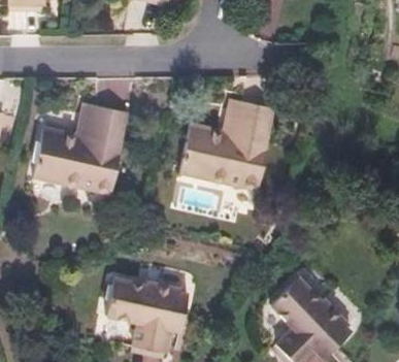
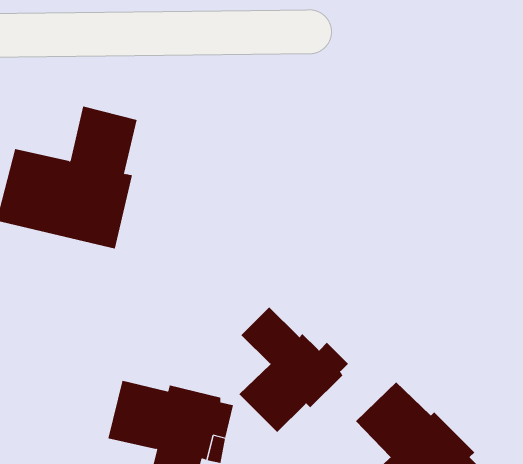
building: [180,97,273,189] -> none
building: none -> [239,306,349,433]

